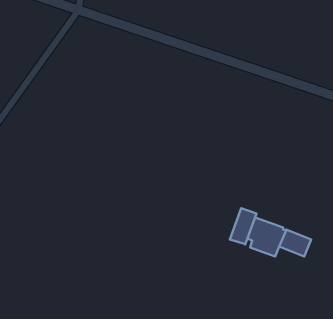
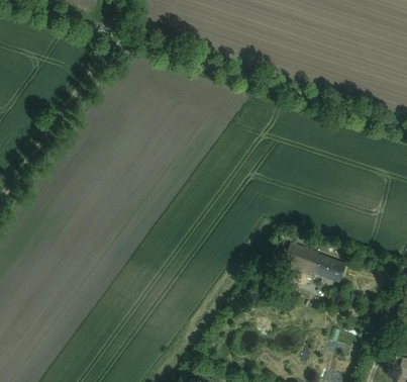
building: [230,208,256,245] -> none

